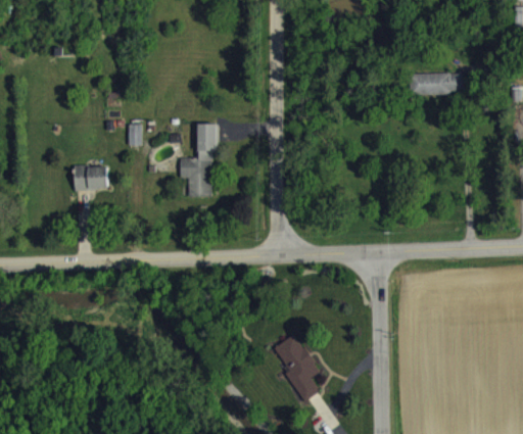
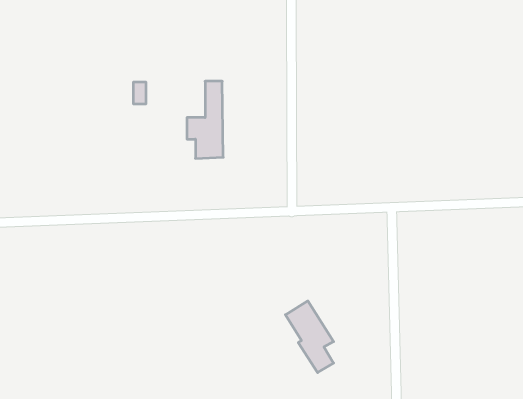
building: [411,73,464,94] -> none
building: [75,165,108,190] -> none

